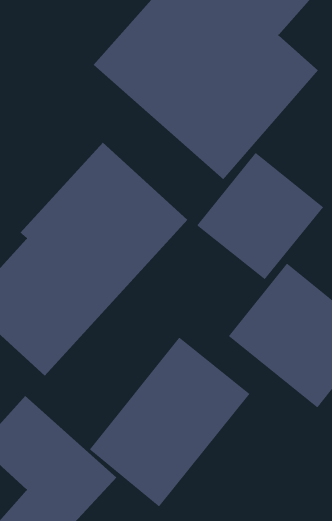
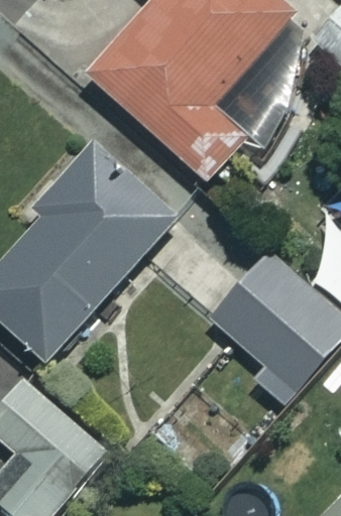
building: [196,152,324,280] -> none
building: [89,336,250,507] -> none

